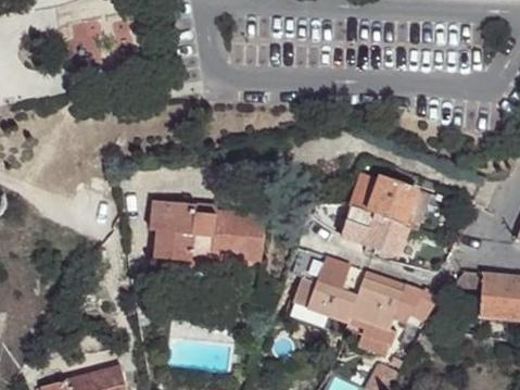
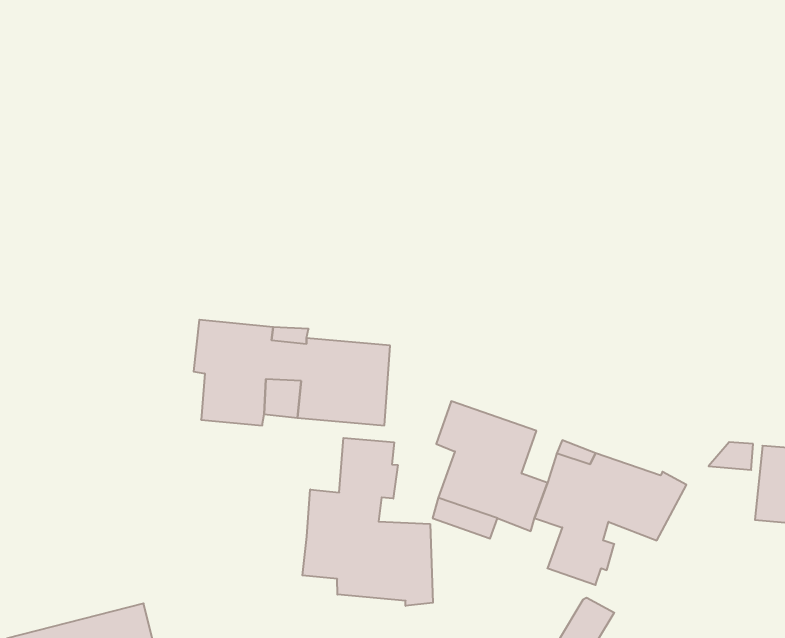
building: [340,174,428,255] -> none
building: none -> [302,438,433,606]

